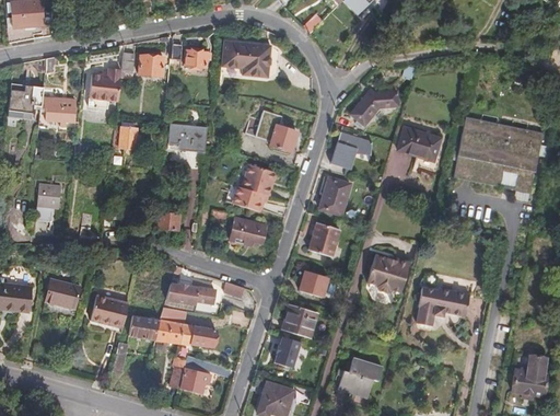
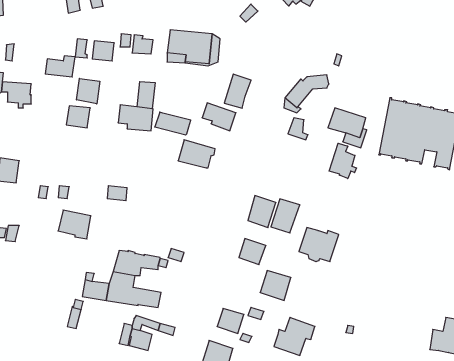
building: none -> [77,78,100,104]
building: none -> [137,82,155,109]
building: [331,131,361,169] -> [224,74,251,108]
building: none -> [329,143,356,179]
building: [319,177,351,215] -> [271,199,300,233]
building: [225,184,265,209] -> [155,112,191,135]
building: [230,217,266,245] -> none
building: [46,278,80,308] -> none
building: [418,287,470,326] -> none
building: [92,293,128,325] -> [58,210,91,239]
building: [283,305,317,338] -> [260,271,291,300]

